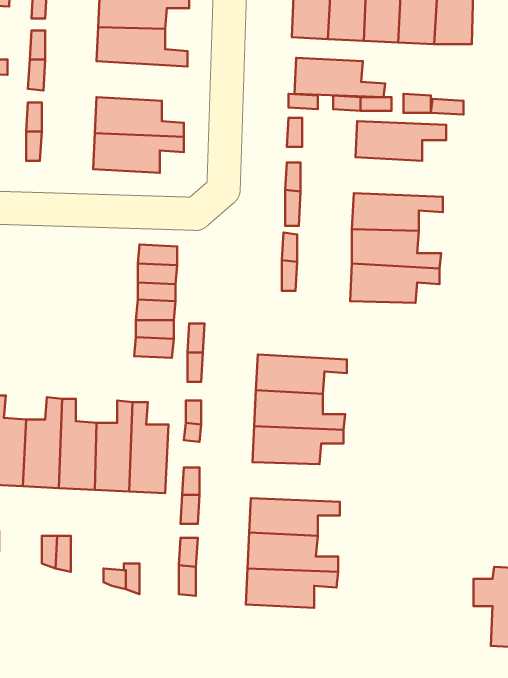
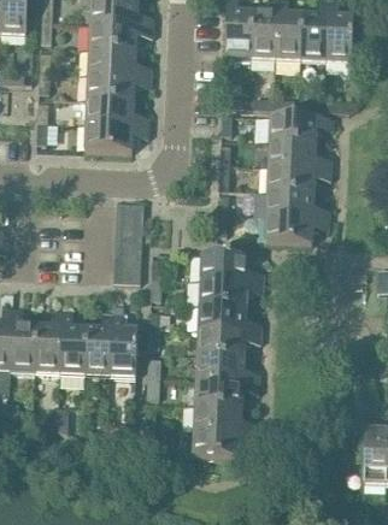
building: [294,58,385,97] -> [268,141,331,169]
building: none -> [87,73,151,101]
building: none -> [200,254,263,283]
building: none -> [195,355,259,383]

